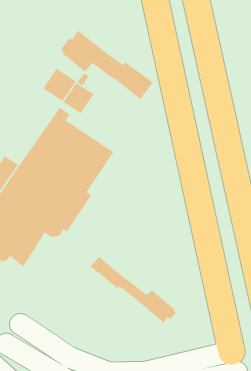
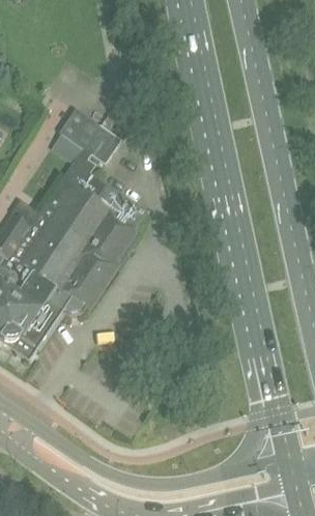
building: [60,30,154,100] -> none
building: [90,256,177,323] -> none

